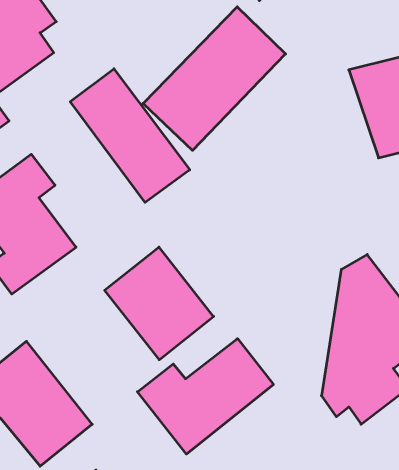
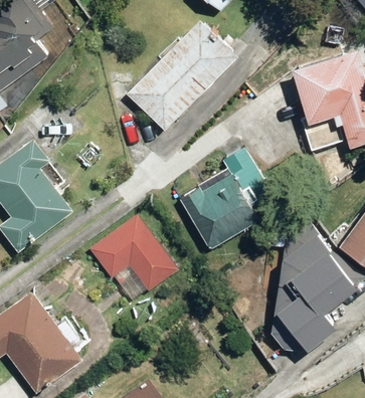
building: [70,69,190,202] -> none
building: none -> [180,150,266,251]
building: [137,339,273,454] -> none

